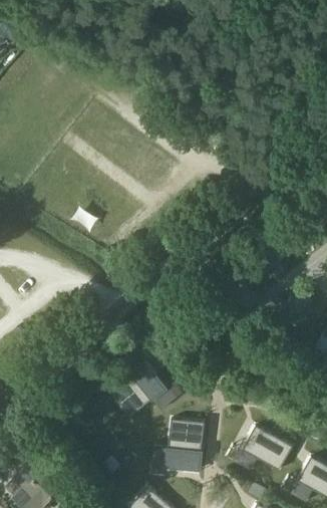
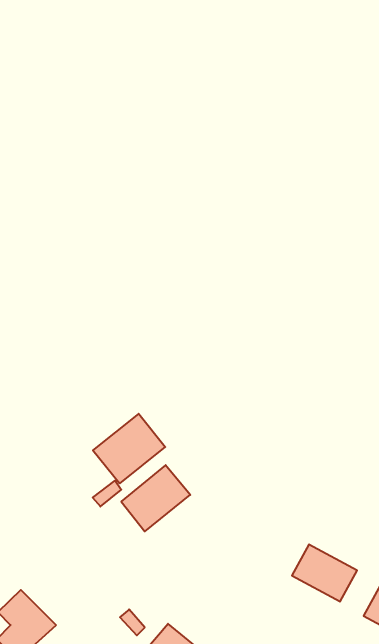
building: none -> [93,414,165,483]
building: [166,420,206,470] -> none

